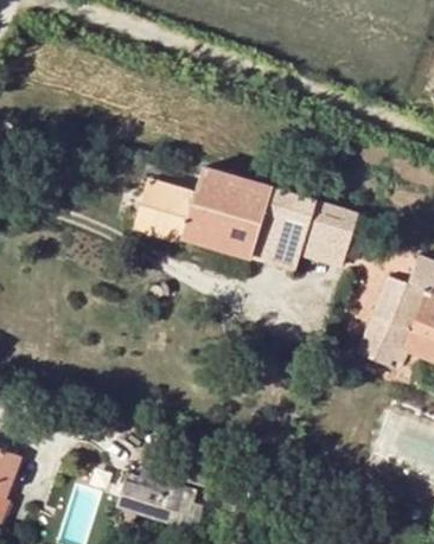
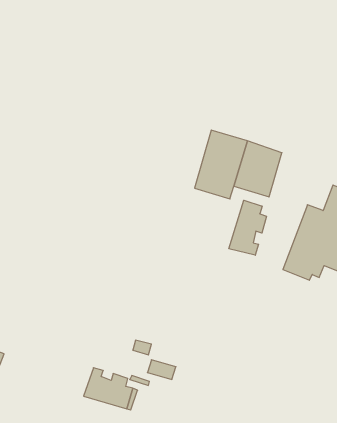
building: [133,166,272,257] -> none
building: none -> [229,200,267,255]

